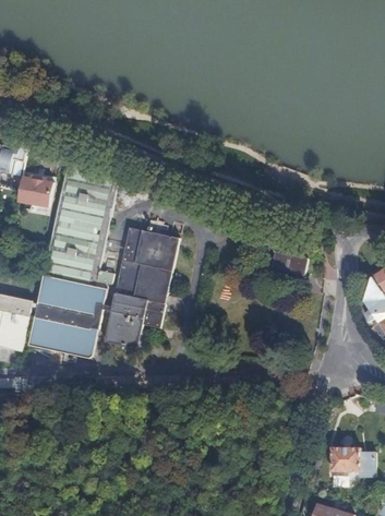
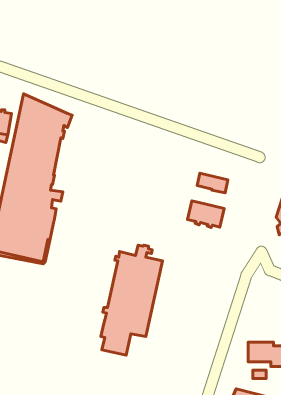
building: [108,218,180,347] -> [101,245,163,355]
building: none -> [187,201,224,227]

